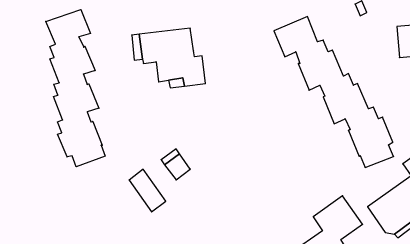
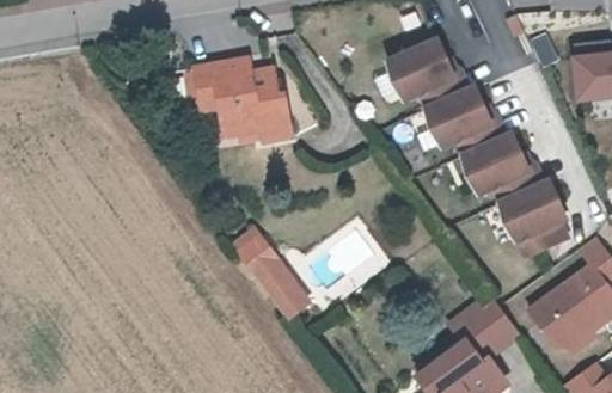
building: [46,10,105,167] -> none
building: [129,169,166,212] -> [253,257,306,318]

